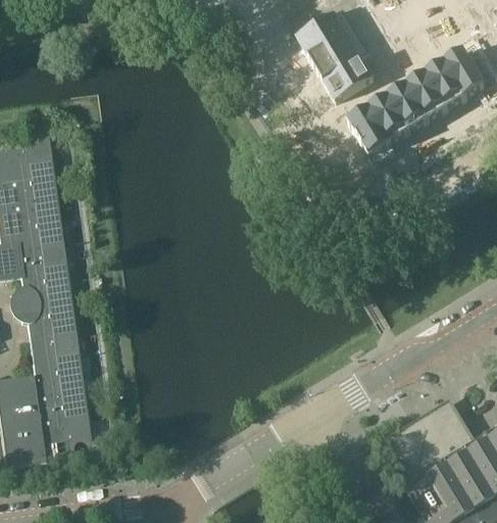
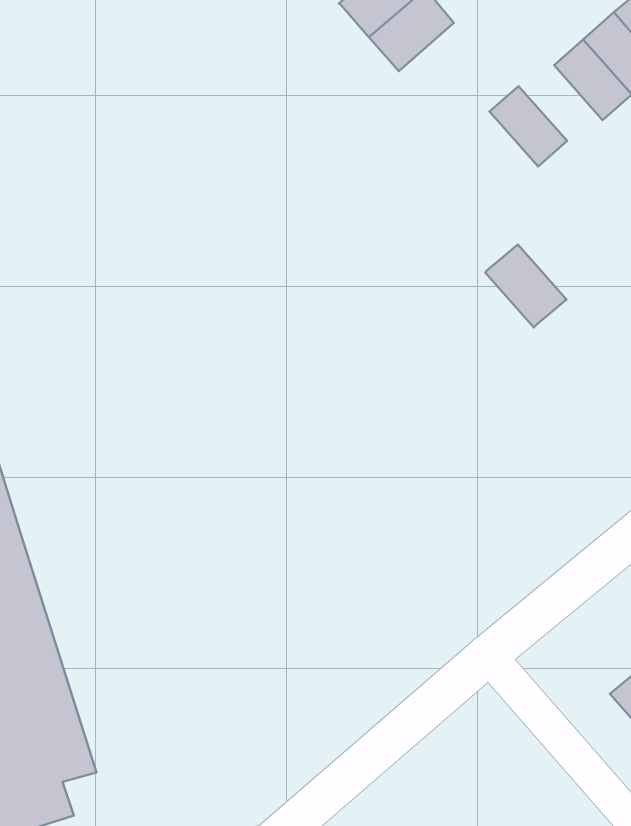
building: [320,55,368,98] -> none
building: [385,84,426,131] -> none
building: [346,107,388,154] -> [485,245,566,327]

